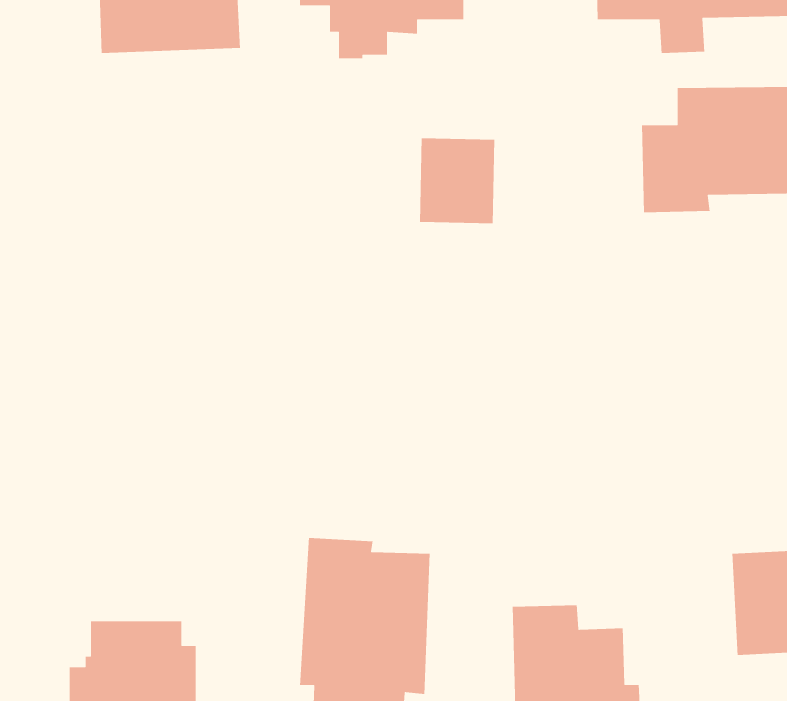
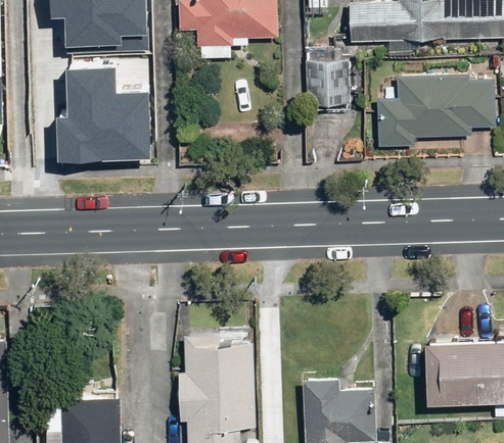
building: none -> [56,71,148,165]
building: [419,138,495,224] -> [306,53,350,103]

